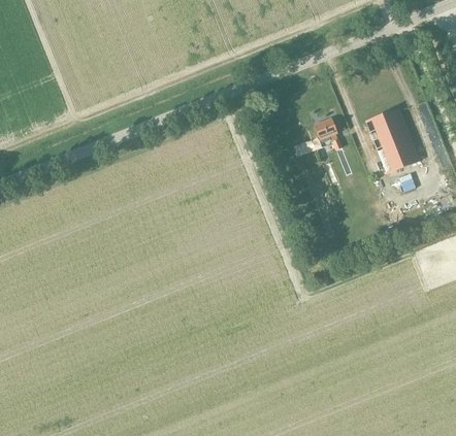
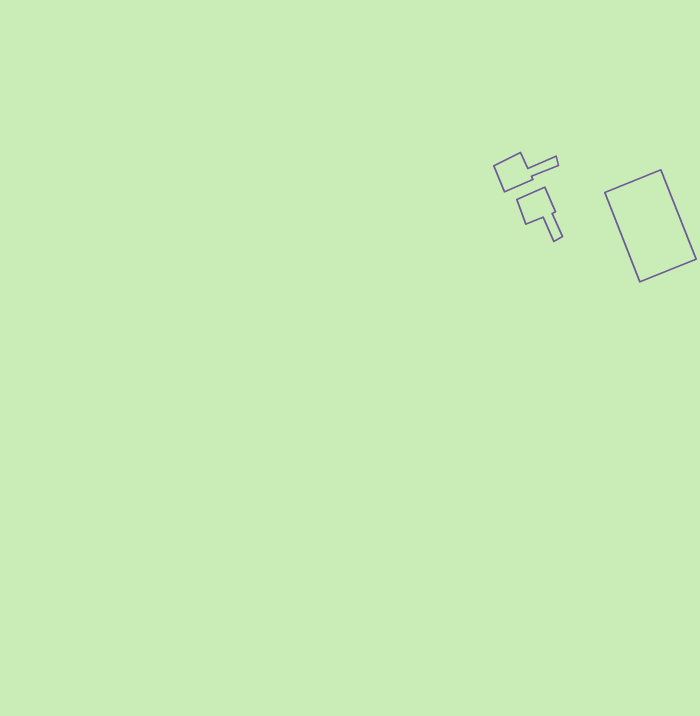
building: none -> [494,153,558,192]

